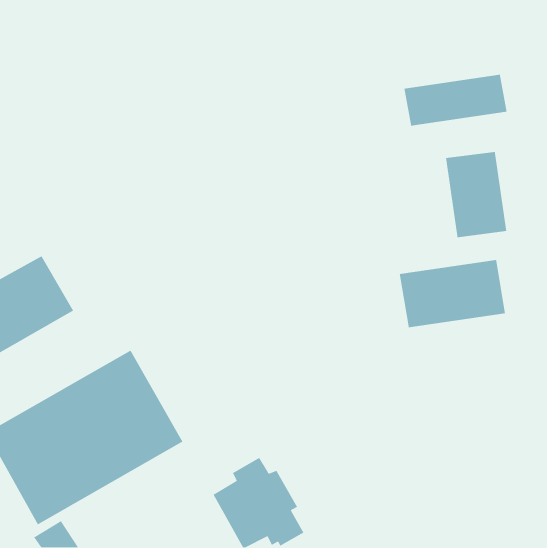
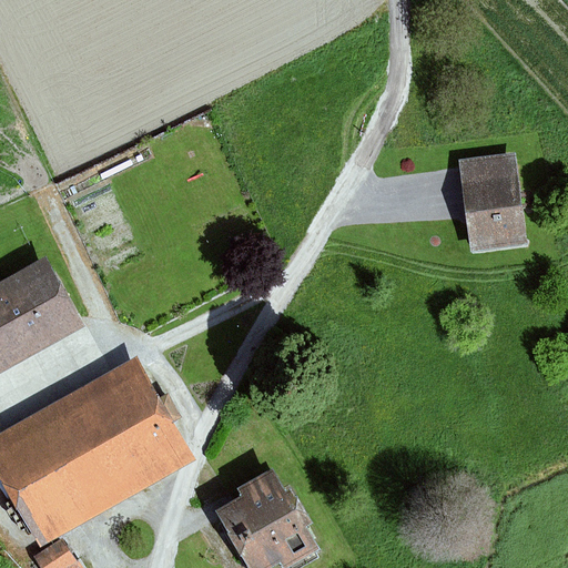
building: [404,74,507,126] -> none
building: [399,259,506,328] -> none

